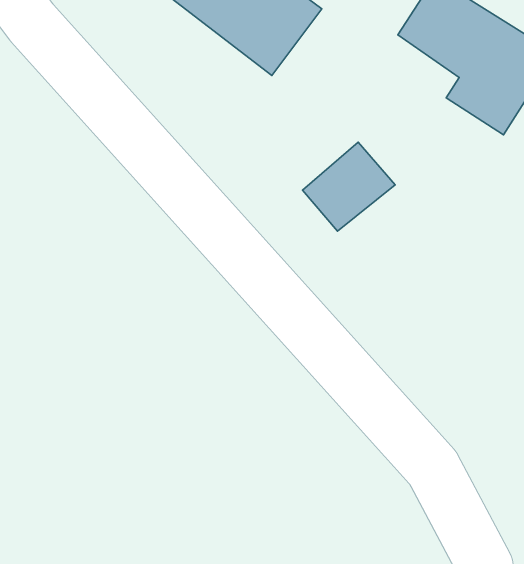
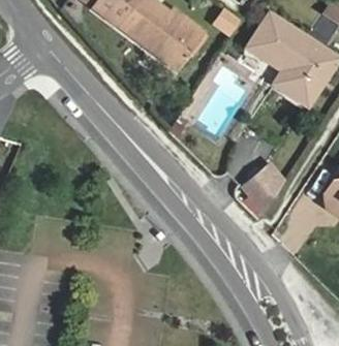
building: [302,142,395,231] -> [239,159,290,209]

